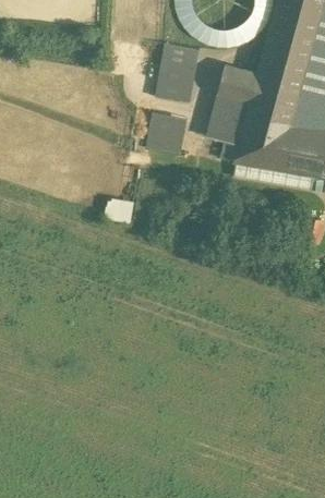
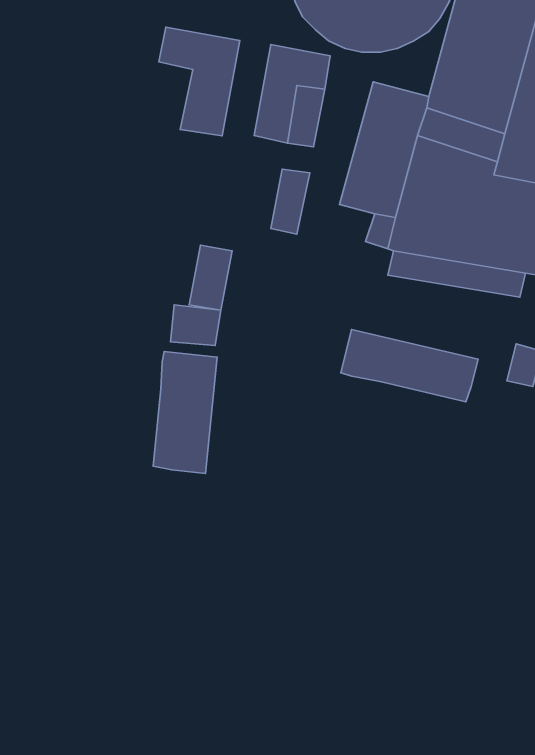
building: none -> [159,27,240,136]
building: [146,111,171,149] -> [189,245,232,310]
building: none -> [341,329,478,402]
building: none -> [153,352,217,473]

